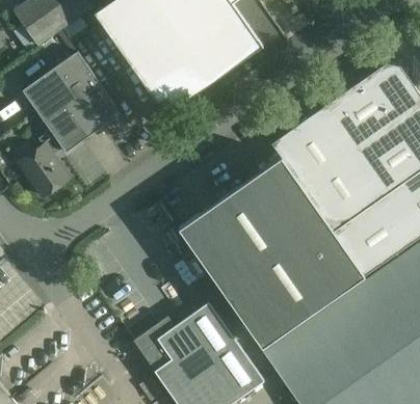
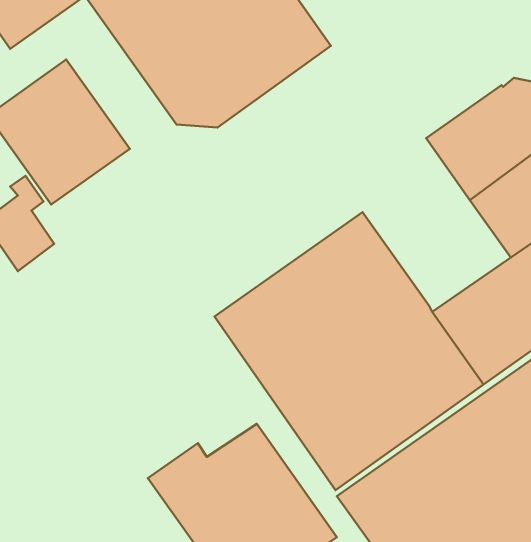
building: [270,107,383,226] -> none

